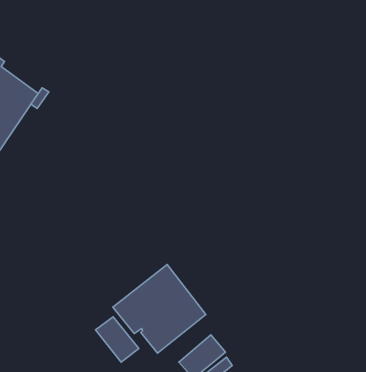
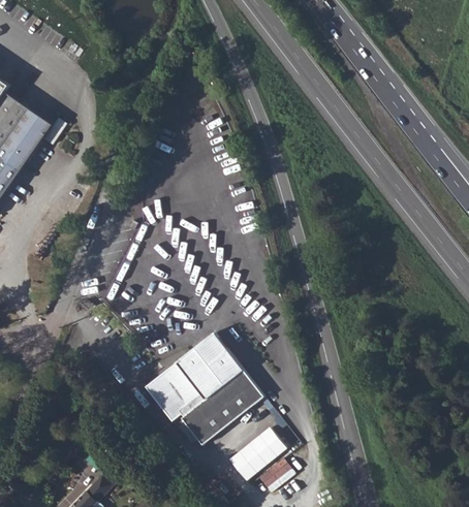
building: [96,317,139,362] -> none

